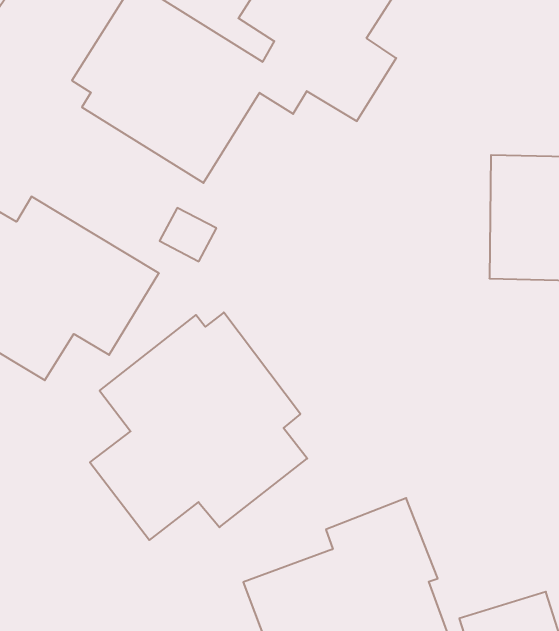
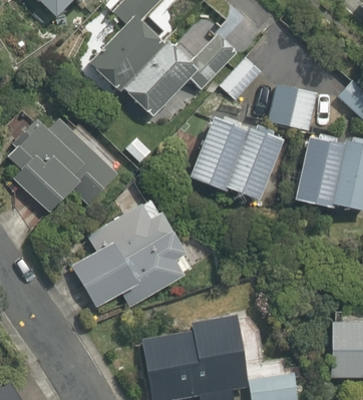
building: none -> [272,85,319,130]
building: none -> [190,112,284,204]

